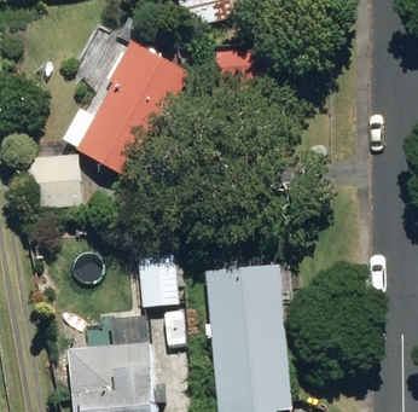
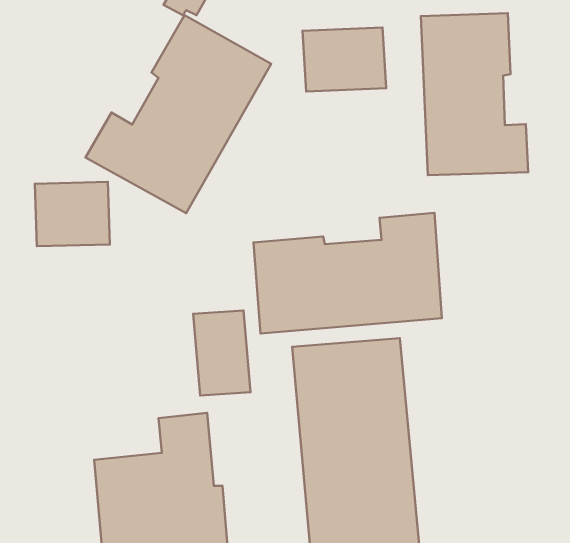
building: none -> [421,13,528,175]
building: none -> [253,213,442,334]

